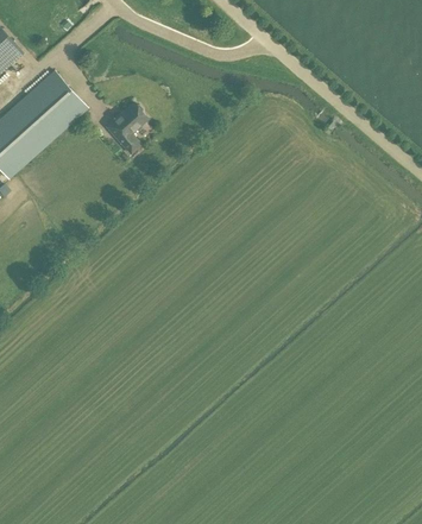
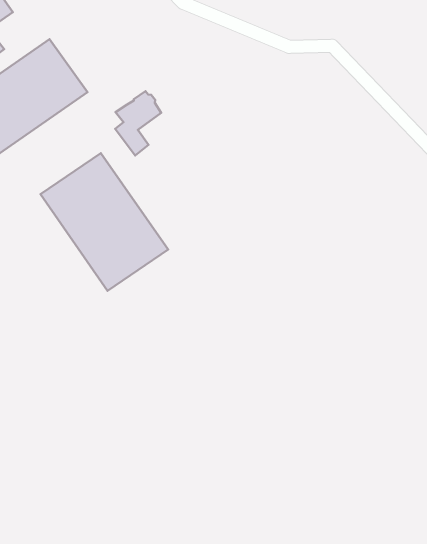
building: none -> [40,153,168,291]

